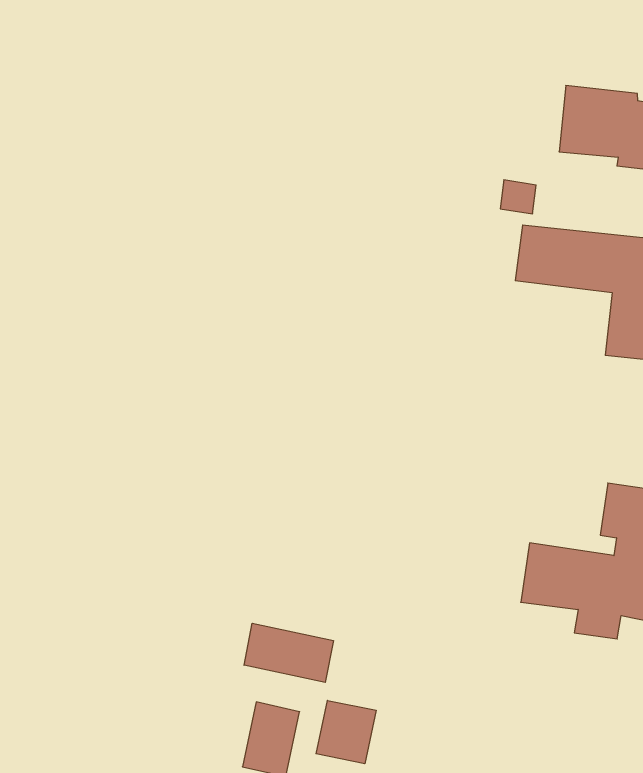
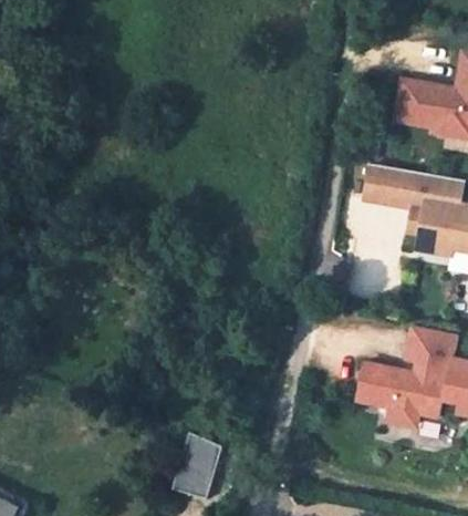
building: [244,623,333,682] -> none
building: [316,700,376,764] -> none

